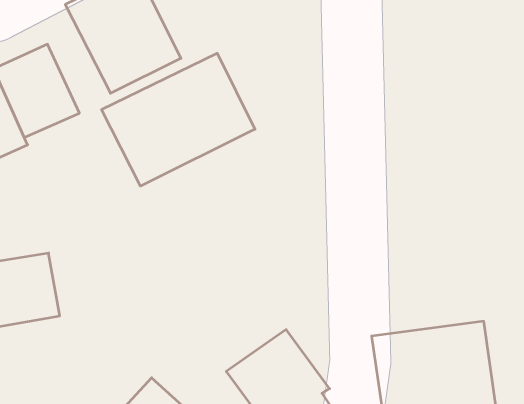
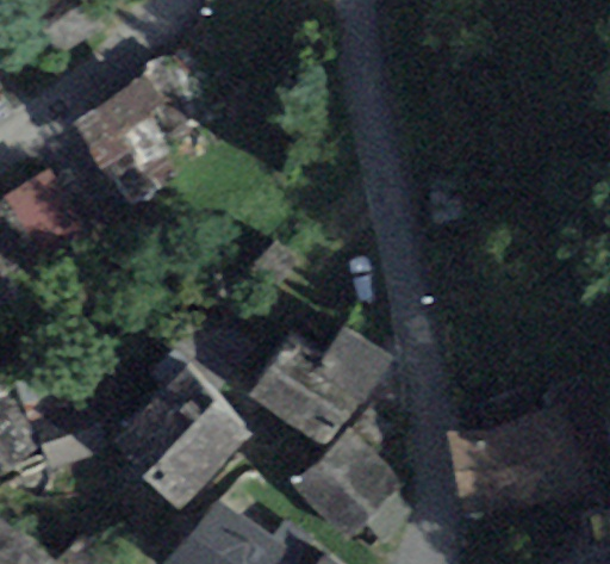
building: [102,53,255,186] -> none
building: none -> [247,329,387,450]
building: none -> [111,365,245,512]

